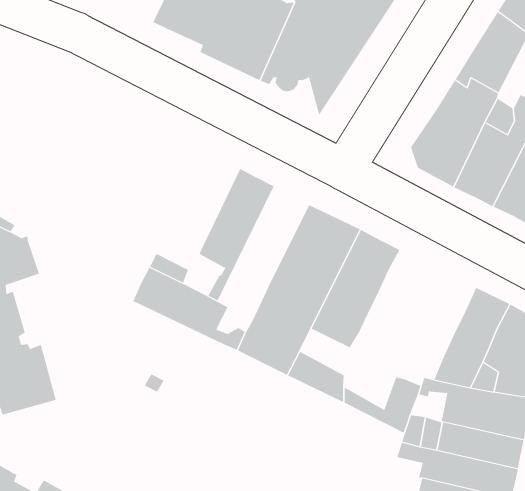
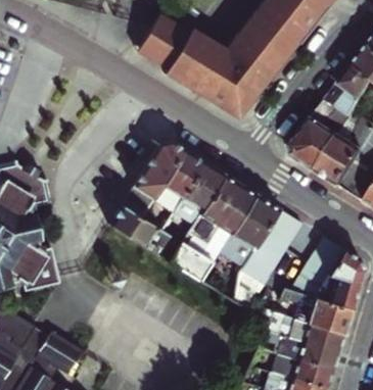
building: none -> [134,140,184,197]
building: none -> [162,161,225,237]
building: none -> [241,208,301,284]

